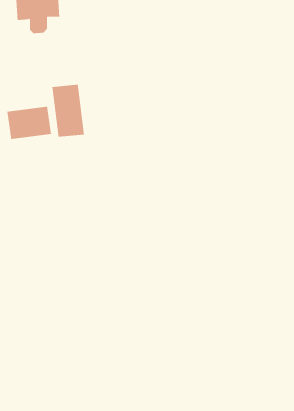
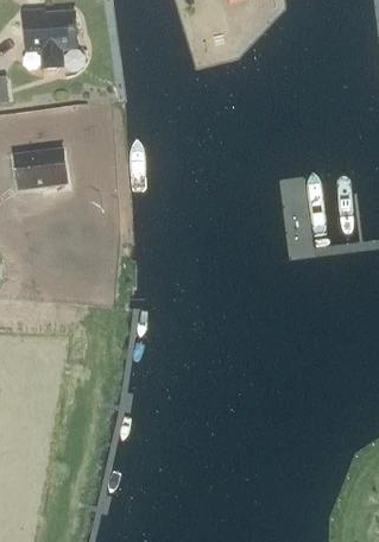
building: [52,84,85,138] -> none

